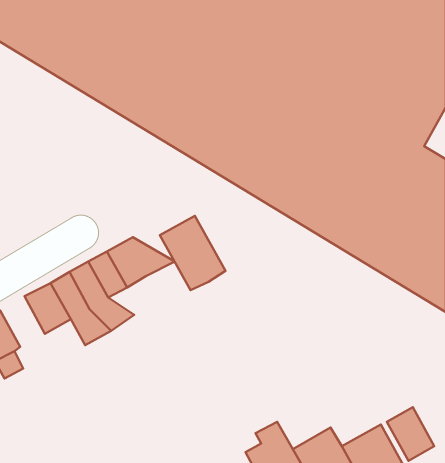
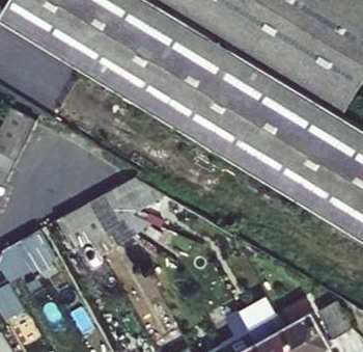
building: [160,216,226,290] -> none

